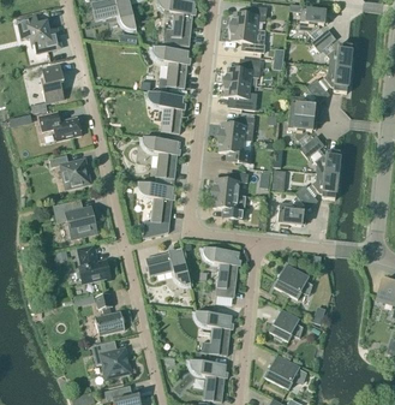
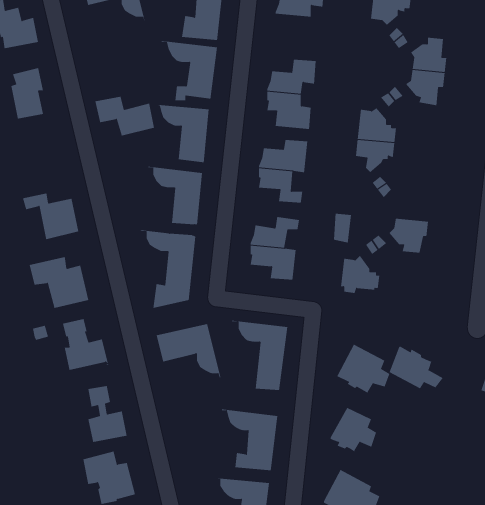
building: [229,26,264,52] -> none
building: [37,112,80,141] -> [95,96,155,136]
building: [313,150,341,175] -> none
building: none -> [389,346,443,389]

